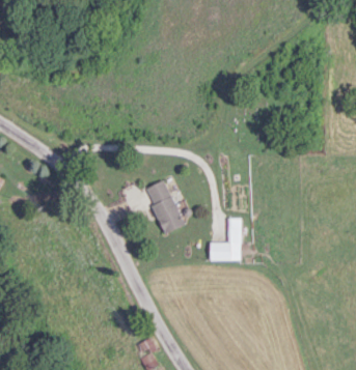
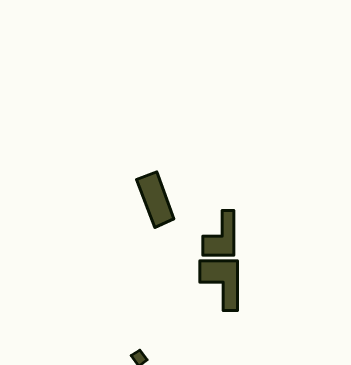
building: none -> [200,261,237,311]

